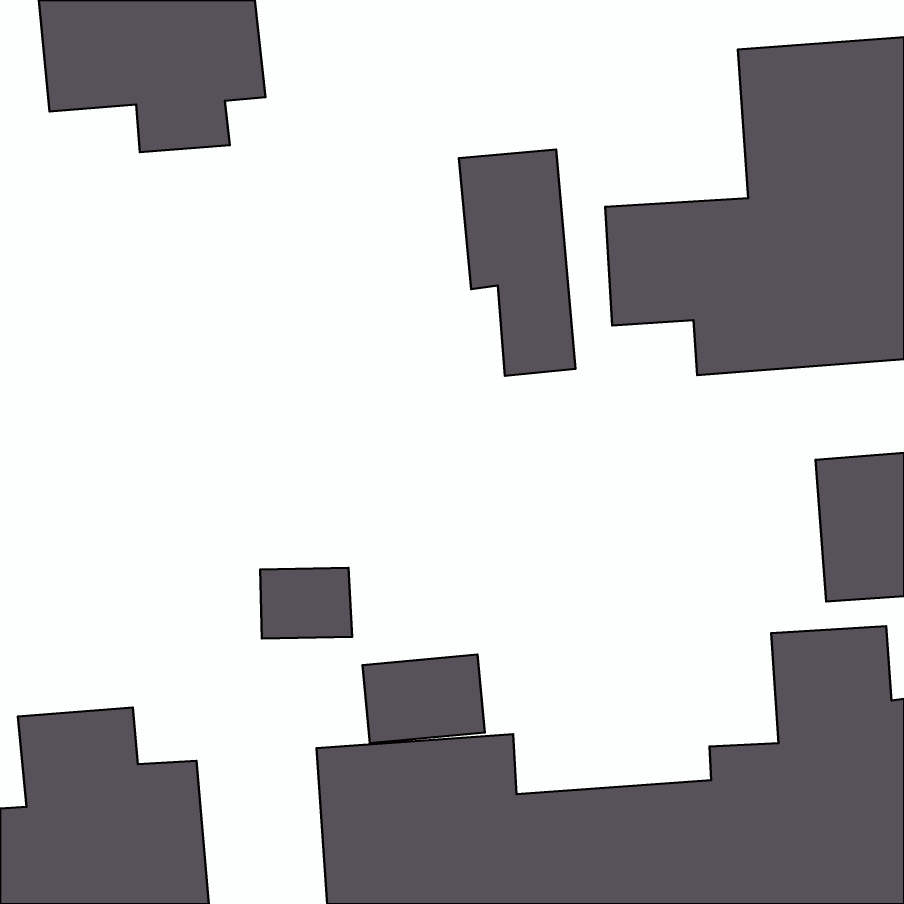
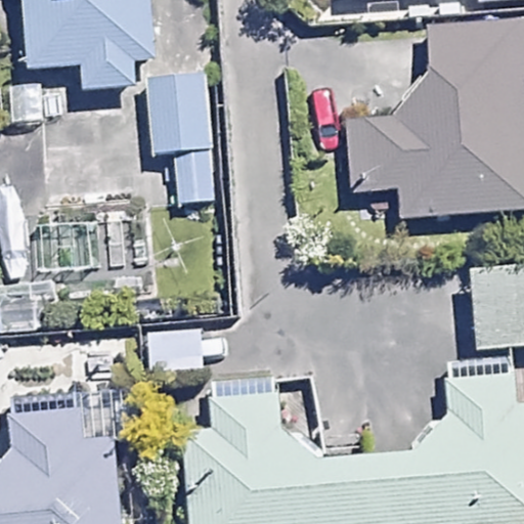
building: [459,149,576,376] -> [148,74,216,205]

